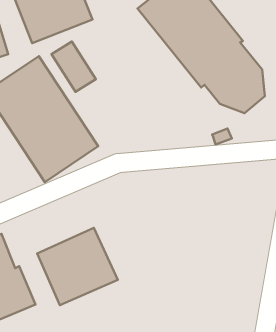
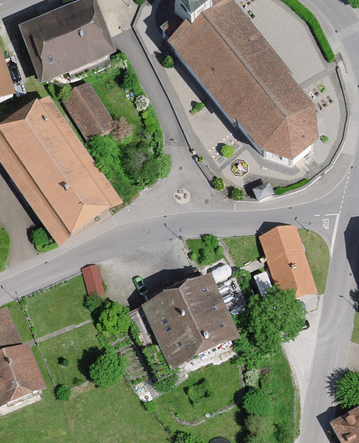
building: none -> [260,222,317,301]
building: [37,228,118,305] -> [141,275,236,366]

